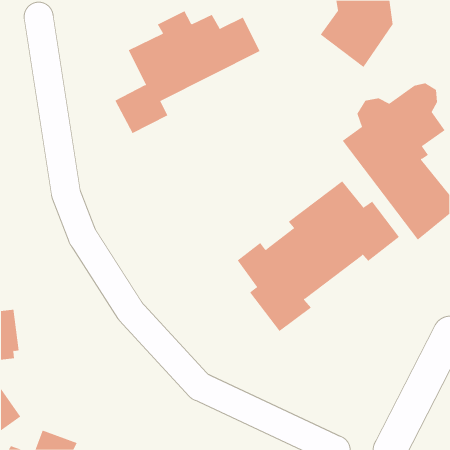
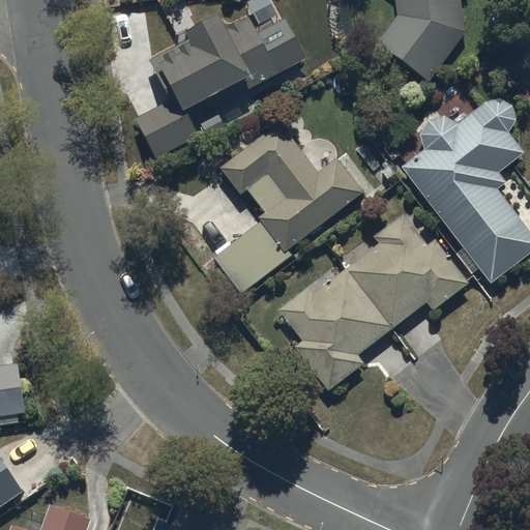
building: none -> [211,124,364,297]

